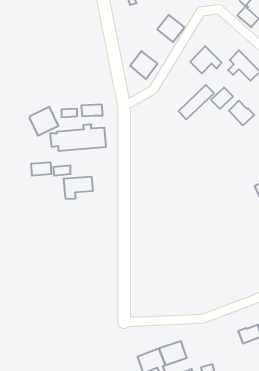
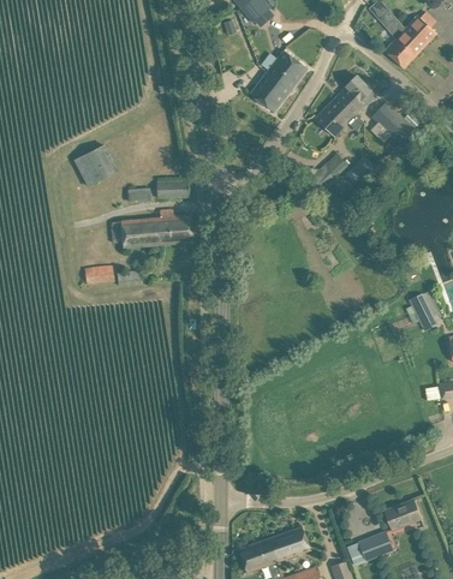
building: none -> [338,76,377,114]
building: [130,51,157,79] -> [251,72,291,113]
building: [229,101,254,125] -> none
building: [30,107,58,136] -> [74,144,117,186]
building: [64,177,93,199] -> none
building: none -> [346,531,394,565]

